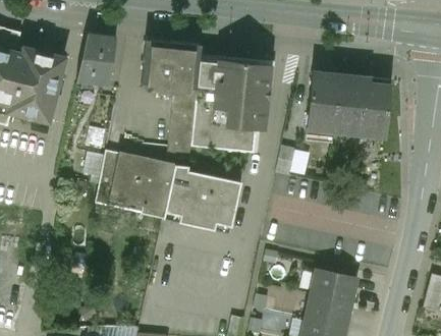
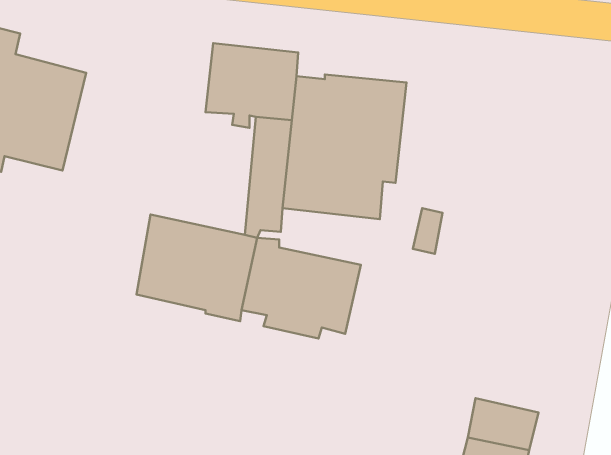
building: [77,33,117,86] -> none
building: [308,71,391,135] -> none

